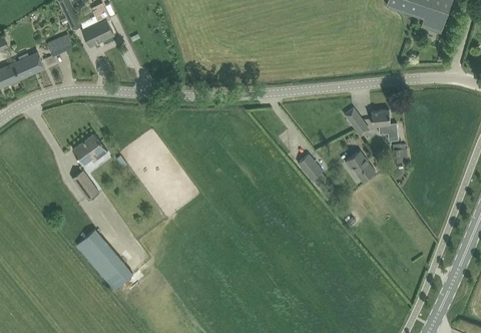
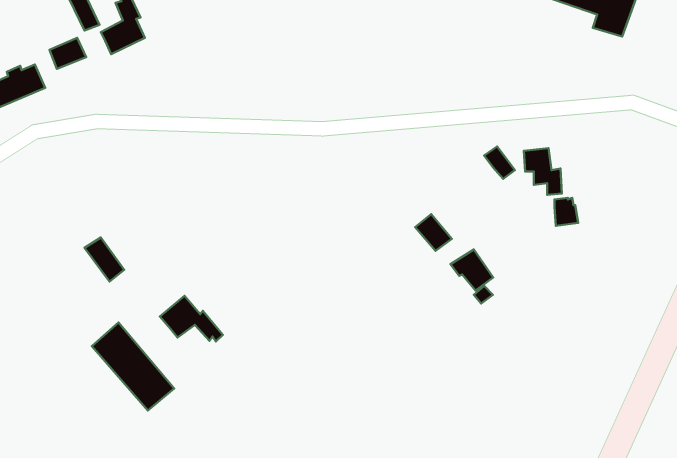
building: [73,134,108,165] -> none
building: [345,152,374,181] -> [450,249,493,291]
building: none -> [160,296,223,341]

